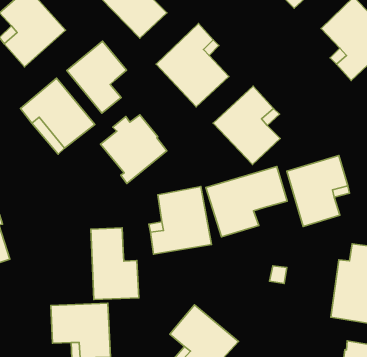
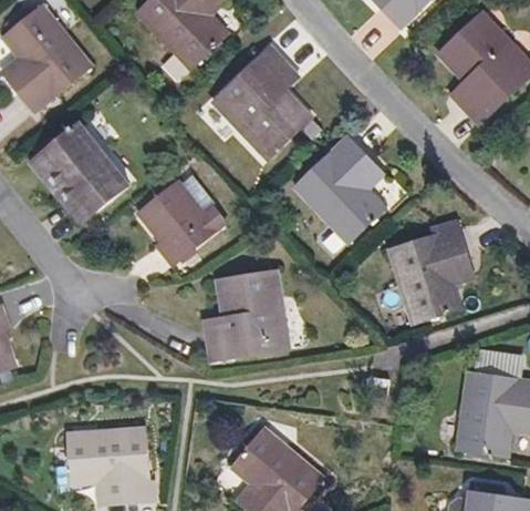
building: [67,41,127,113] -> none
building: [206,166,287,237] -> none
building: [91,228,139,300] -> none

